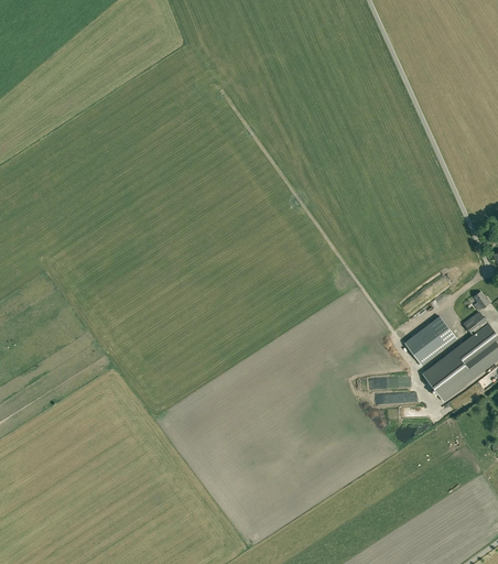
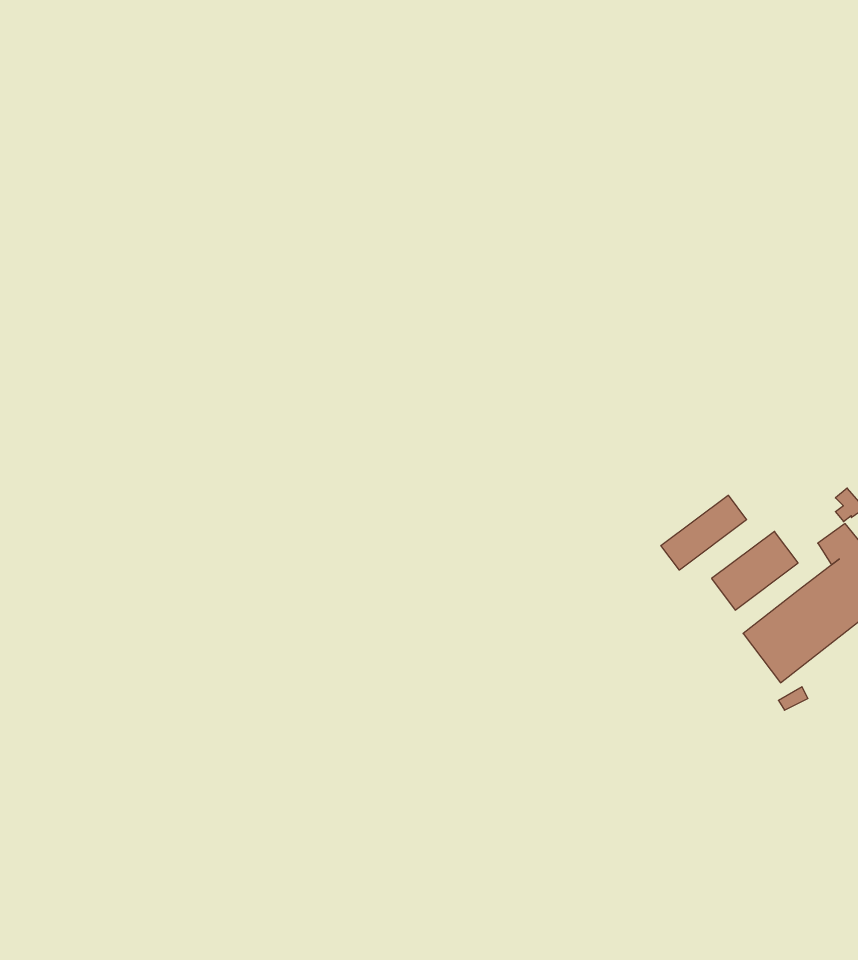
building: none -> [661,495,747,570]

